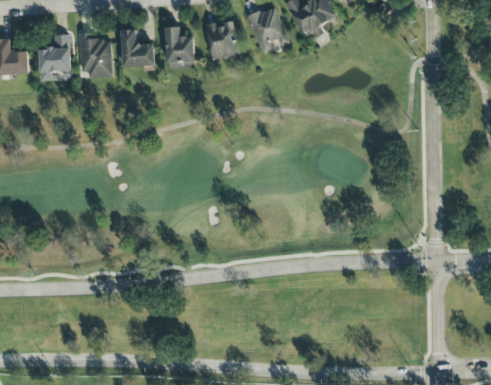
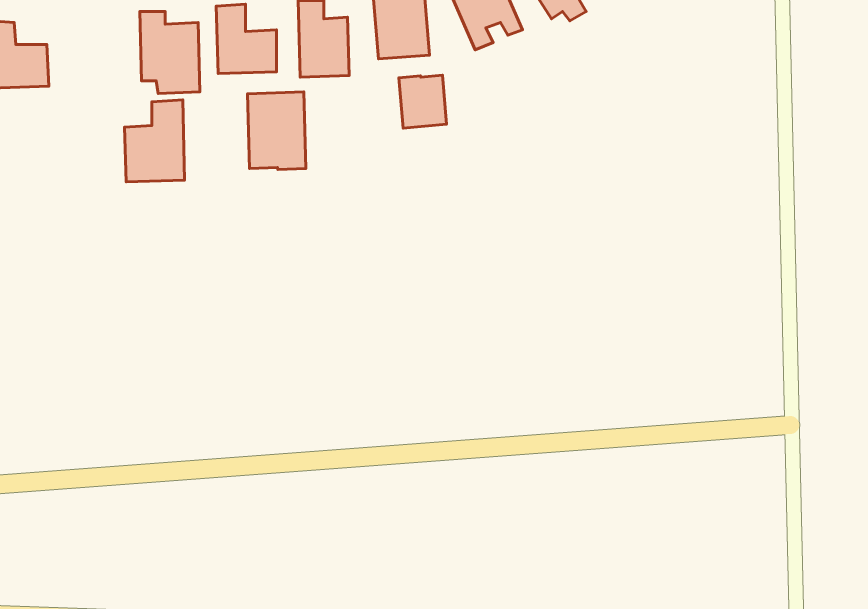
building: [38,33,71,78] -> [124,100,185,182]
building: none -> [399,75,447,128]
building: none -> [248,92,306,170]

